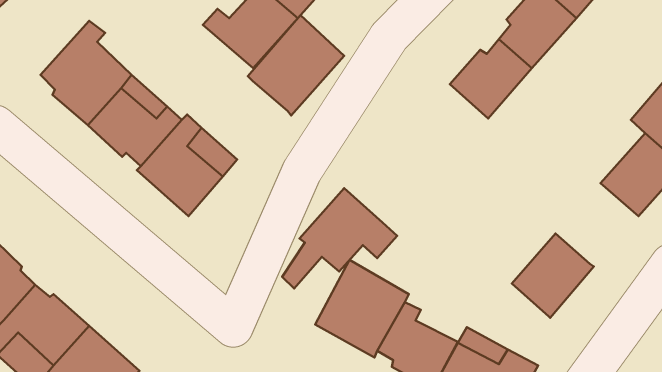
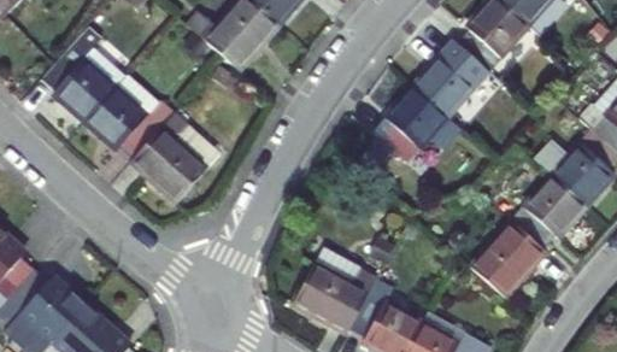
building: [248,15,344,115] -> none
building: none -> [512,175,588,248]
building: [282,188,397,289] -> [359,84,464,176]

